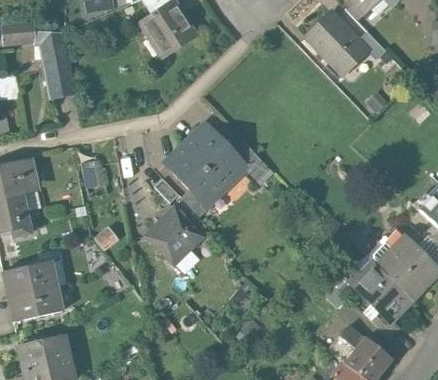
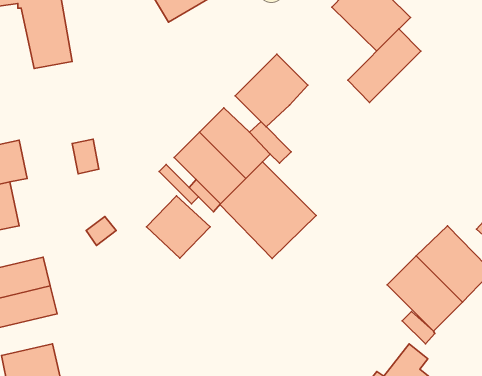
building: none -> [348,29,421,102]
building: none -> [235,54,308,127]
building: none -> [220,162,316,258]

